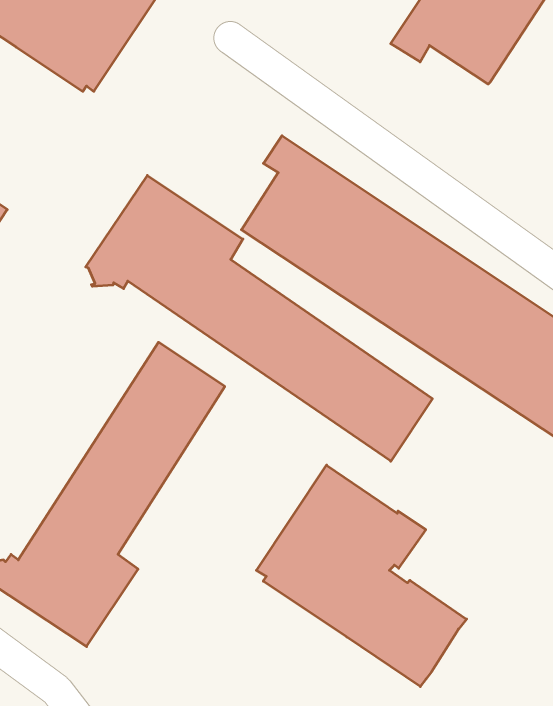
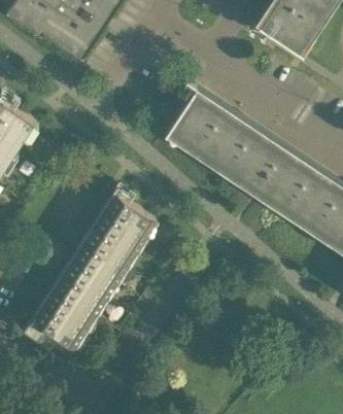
building: [86,175,432,461] -> none
building: [256,465,467,687] -> none

